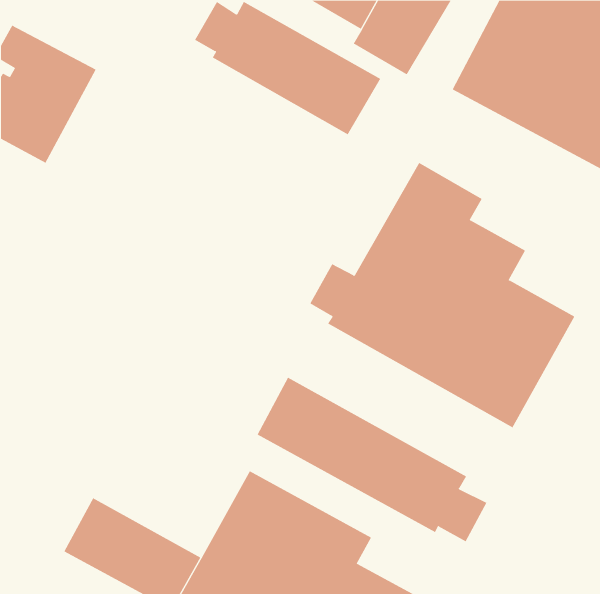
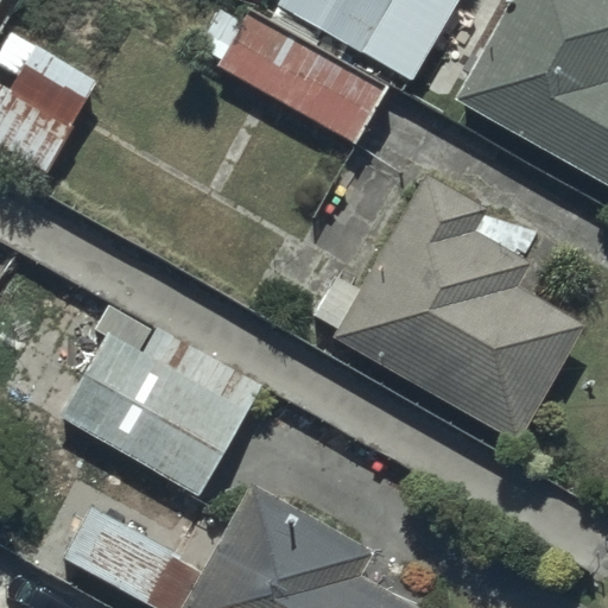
building: none -> [58,329,260,496]
building: [257,377,487,542] -> none

